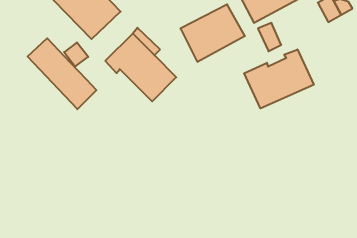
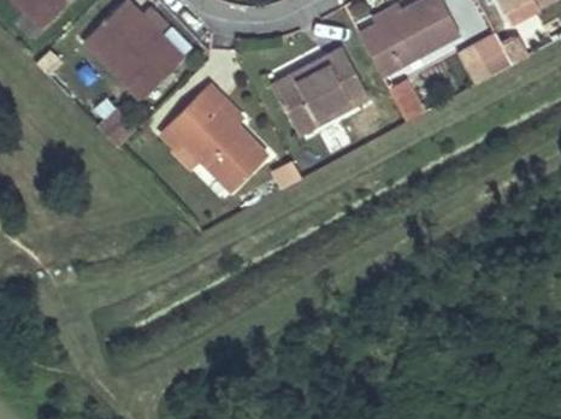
building: [28,38,96,109] -> none
building: [244,49,314,108] -> none

